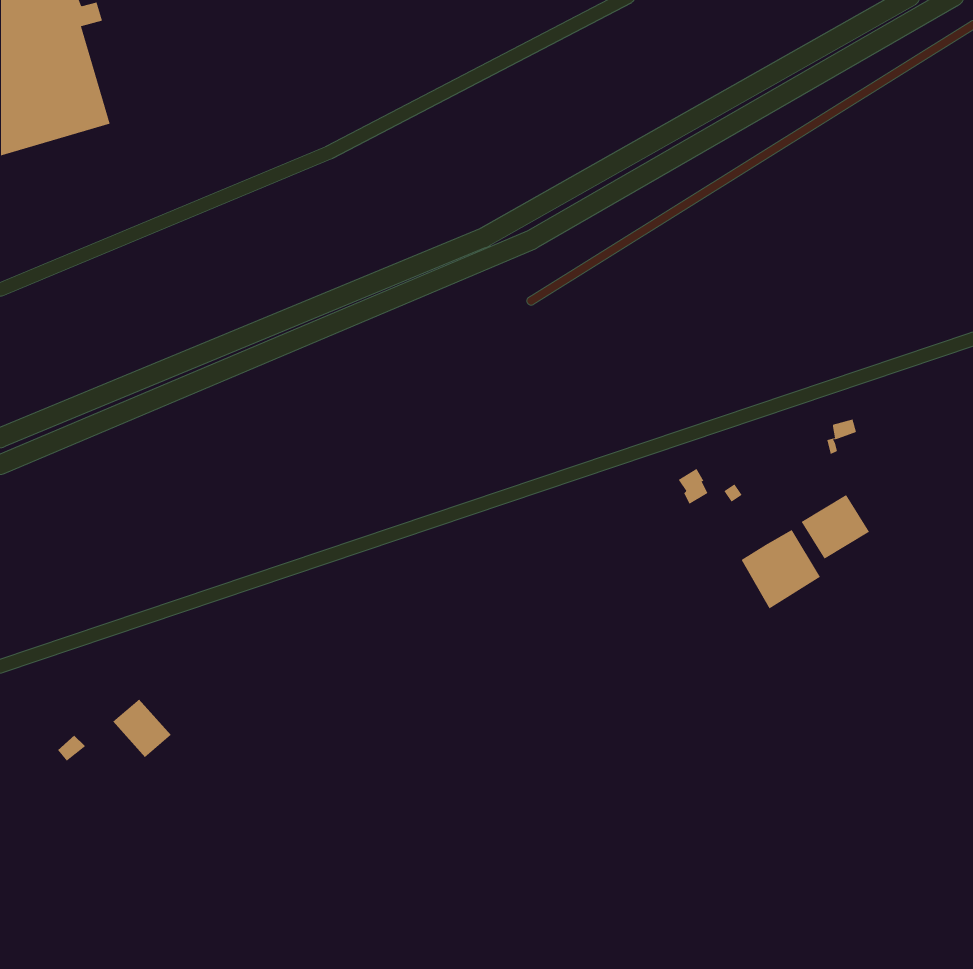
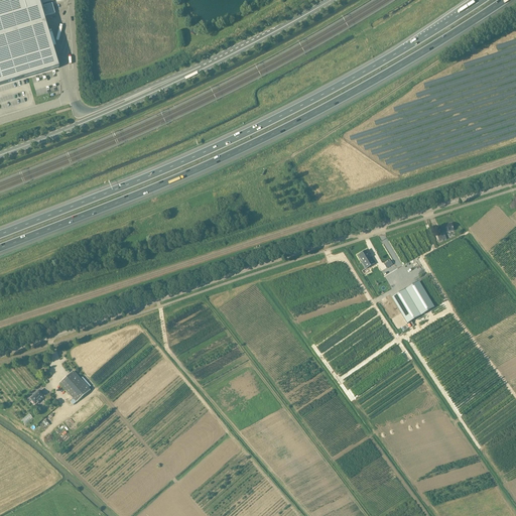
building: [801,494,870,559] -> none

